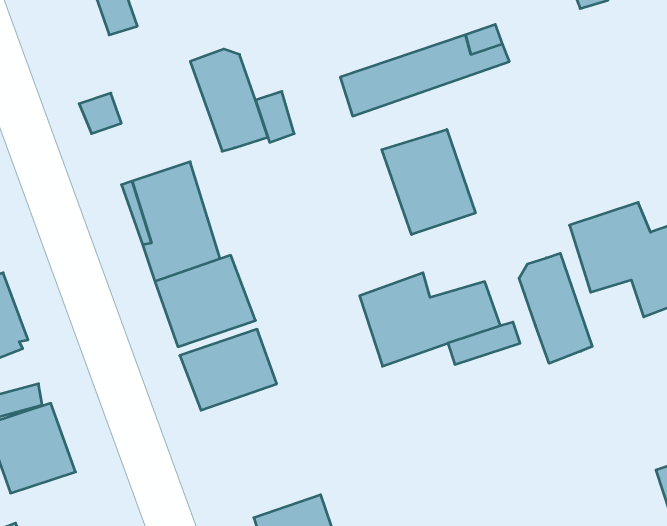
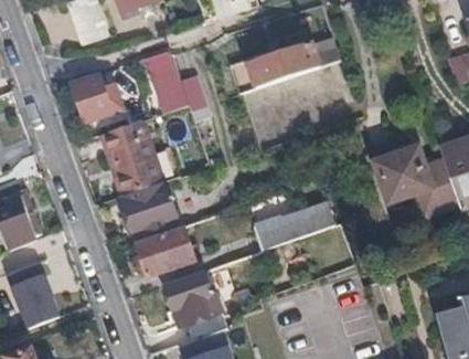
building: none -> [79,76,122,123]
building: [382,129,475,235] -> none
building: [519,253,592,363] -> none
building: none -> [167,276,217,326]

